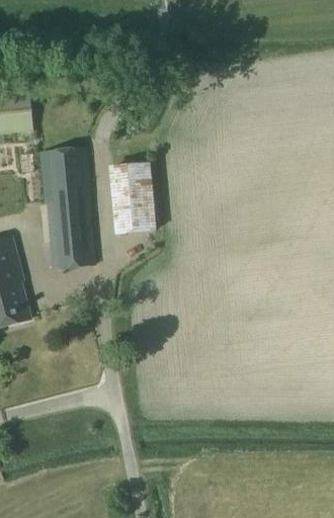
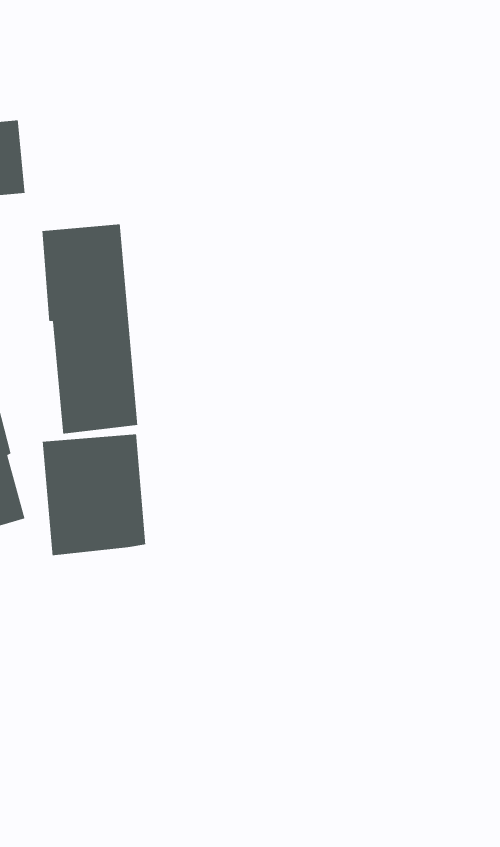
building: [109,162,156,234] -> none
building: none -> [42,433,146,556]

